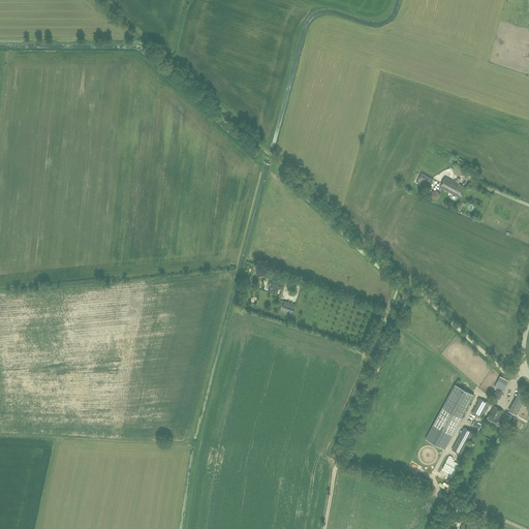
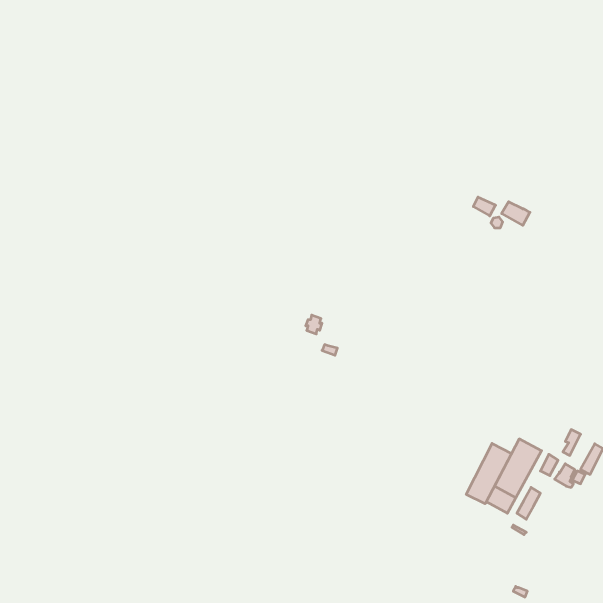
building: none -> [466,443,511,504]

